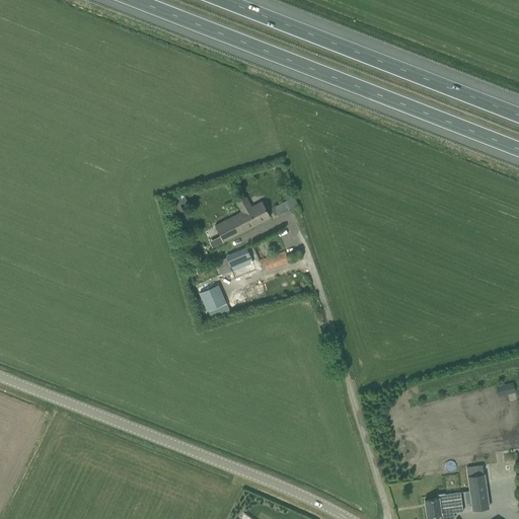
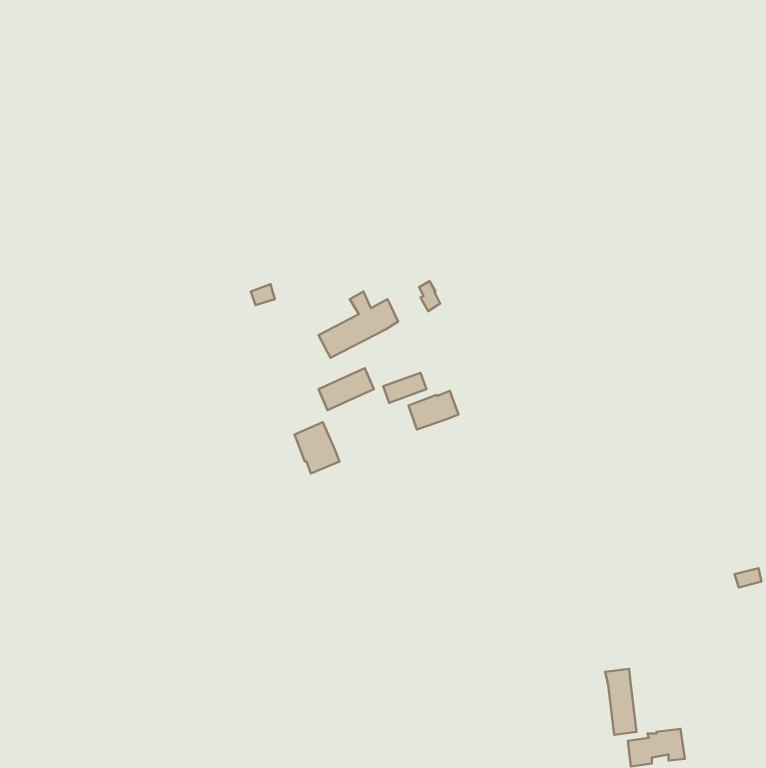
building: none -> [408,391,458,429]
building: [467,465,489,510] -> [605,669,637,735]

